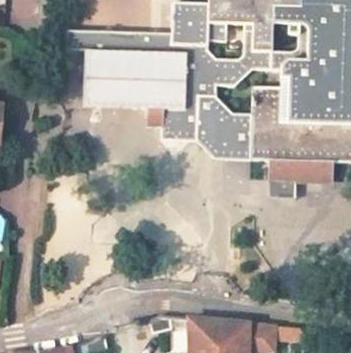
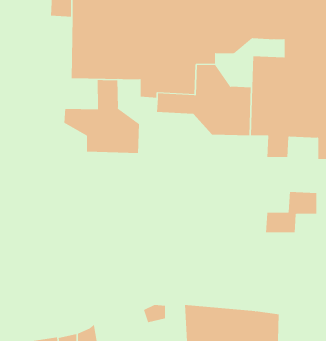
building: none -> [64,79,139,154]
building: [264,161,312,200] -> [265,192,317,233]

